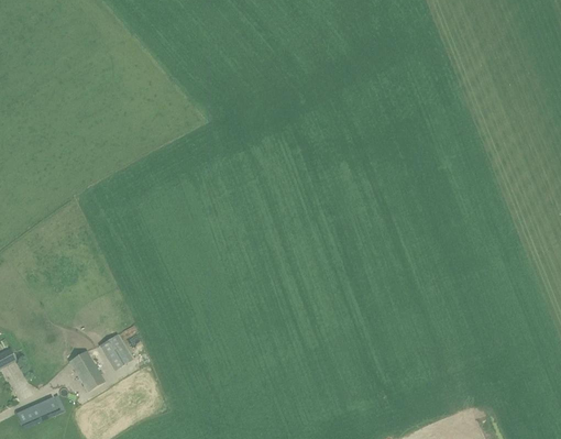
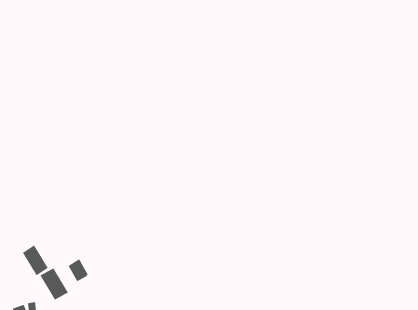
building: none -> [22,244,49,276]

